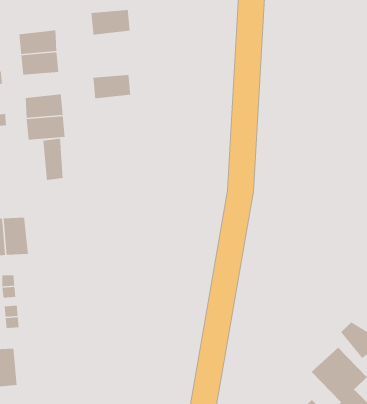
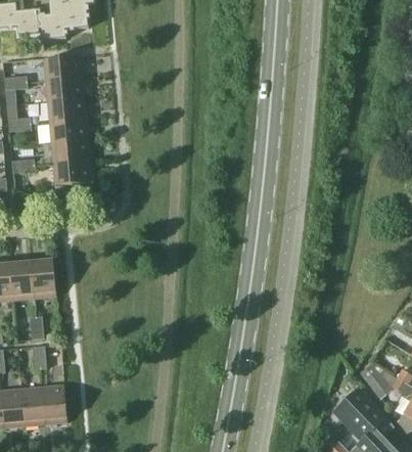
building: [91,9,130,35] -> [43,55,82,81]
building: [92,74,131,99] -> [49,119,87,143]
building: [43,138,64,181] -> none
building: none -> [41,386,65,424]

